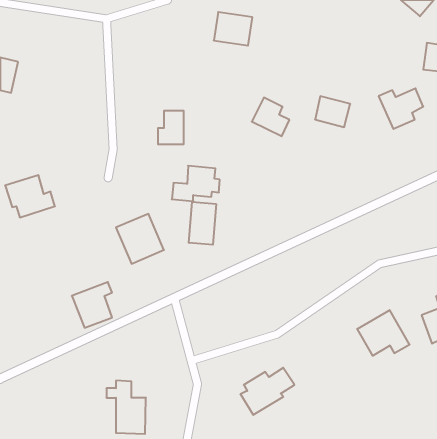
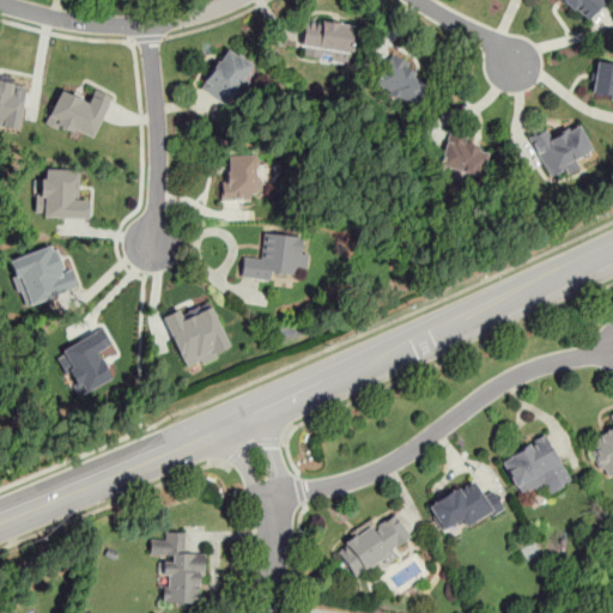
building: none -> [200,45,257,108]
building: none -> [48,89,111,139]
building: [252,98,289,136] -> [375,53,427,107]
building: none -> [36,168,90,218]
building: [189,202,216,245] -> none
building: [72,282,112,328] -> [55,330,111,394]
building: none -> [427,478,505,532]

